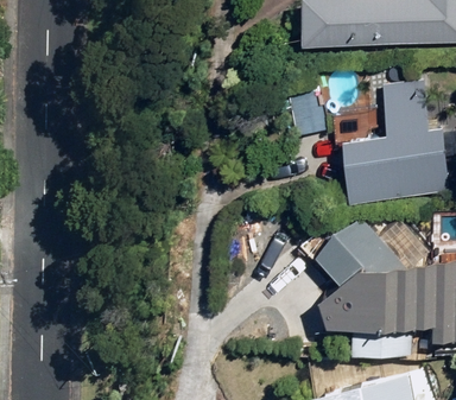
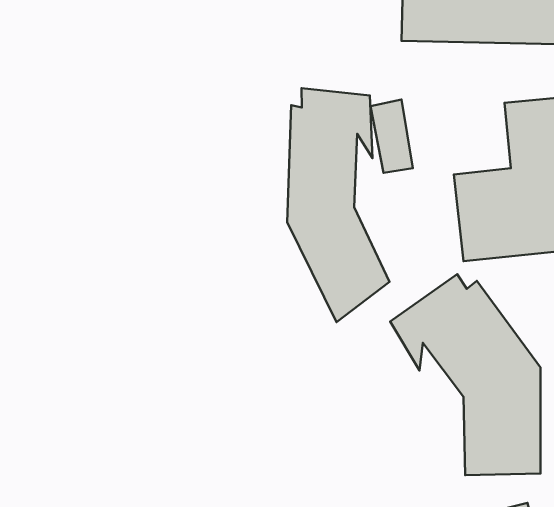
building: none -> [287,88,389,322]

